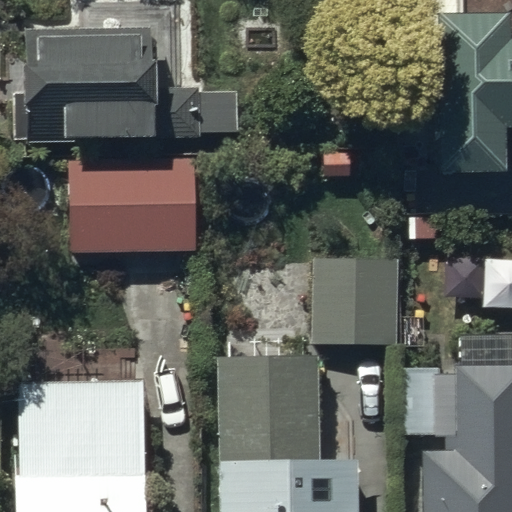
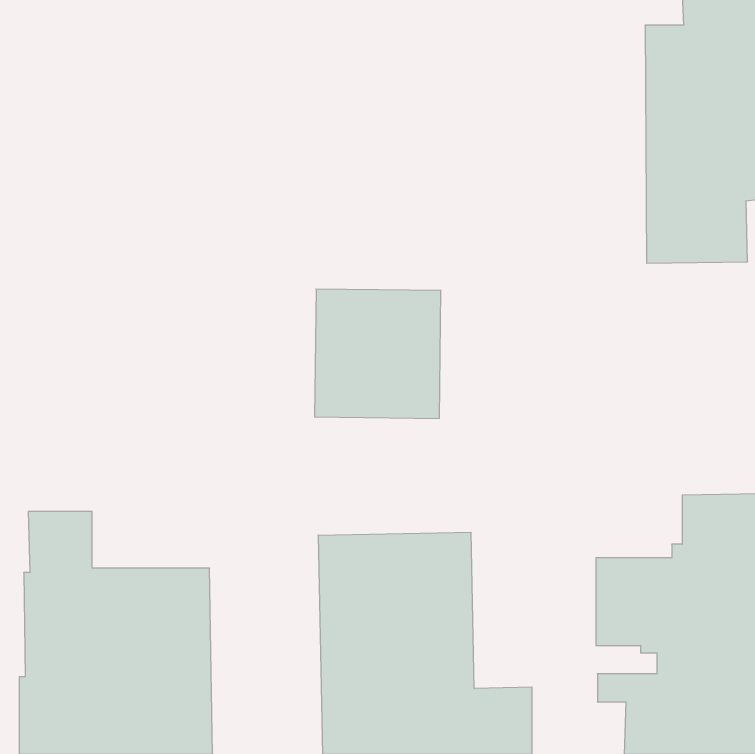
building: [21,30,239,145] -> none
building: [69,160,198,254] -> none
building: [314,259,399,346] -> [315,289,441,418]

